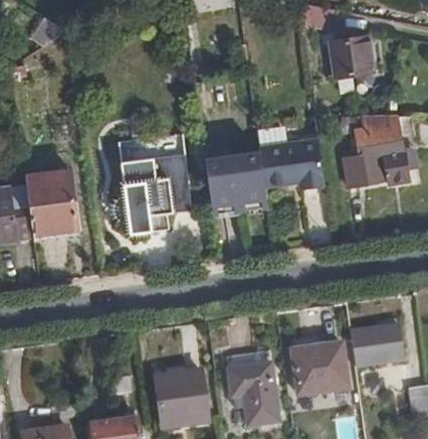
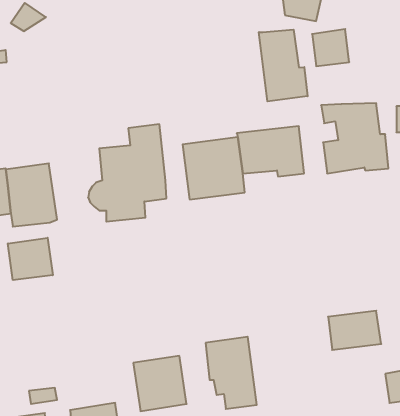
building: none -> [259,30,308,101]
building: none -> [8,238,53,280]
building: [292,343,347,395] -> none

